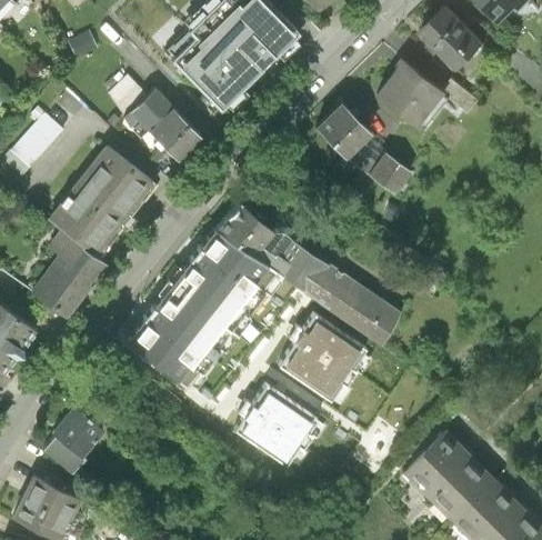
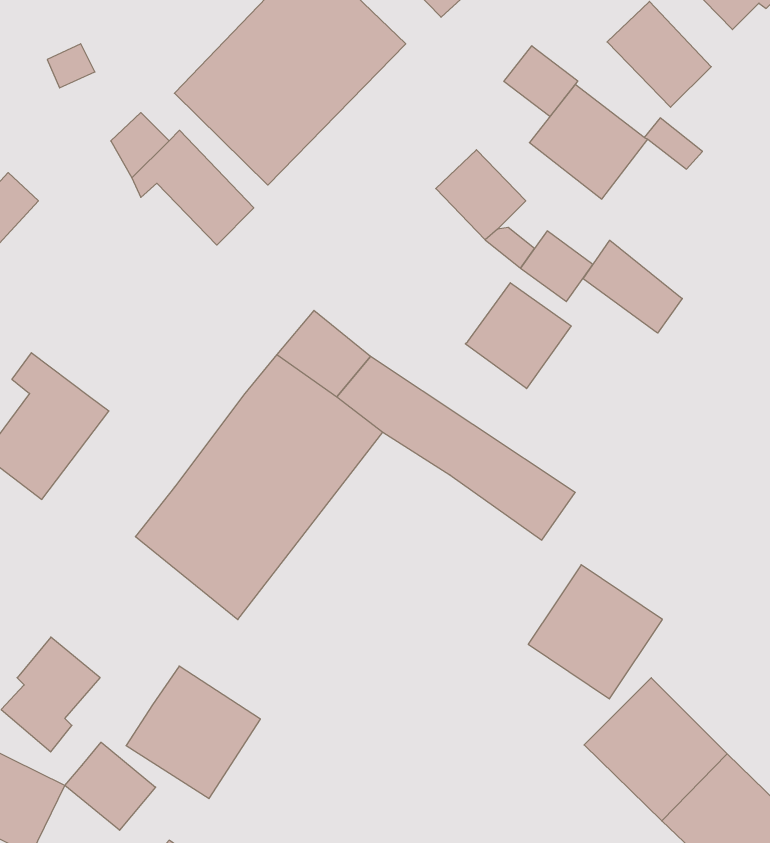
building: none -> [504,46,578,117]
building: [47,143,152,254] -> none
building: none -> [583,240,682,333]
building: none -> [465,283,571,389]
building: [285,320,370,404] -> [528,565,662,699]
building: [237,391,321,474] -> [126,666,260,799]
building: none -> [65,742,156,830]

